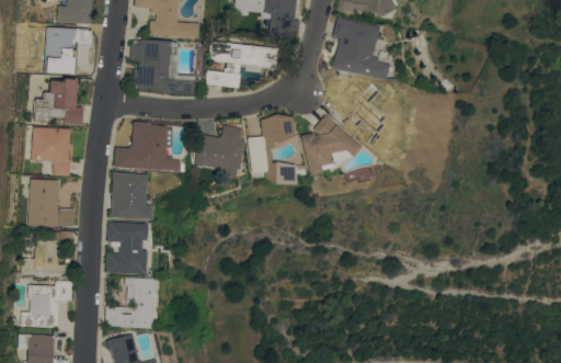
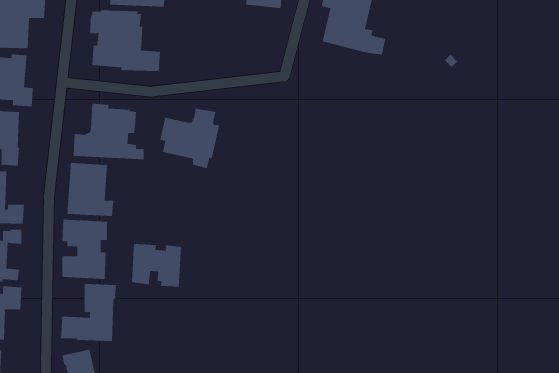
building: [205,41,276,88] -> none
building: [247,114,296,184] -> none
building: [300,115,362,175] -> none
building: none -> [131,243,181,287]

